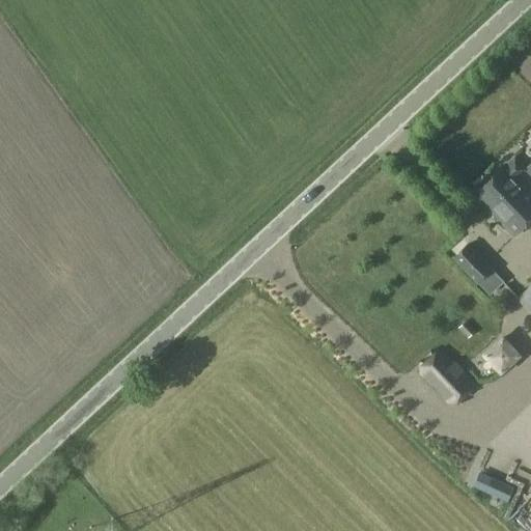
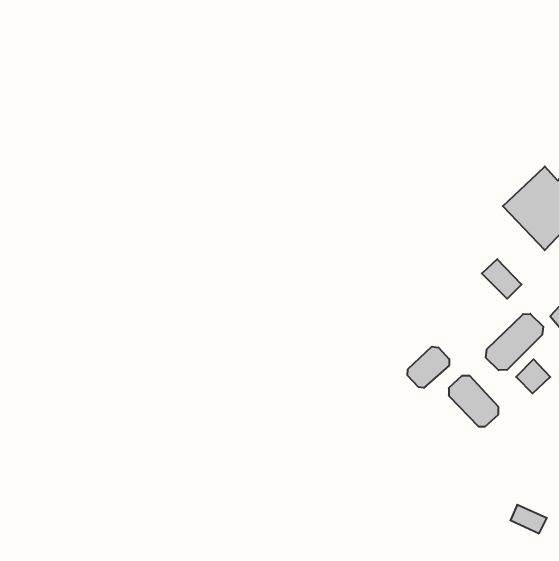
building: none -> [486,314,543,370]
building: none -> [408,347,449,388]

